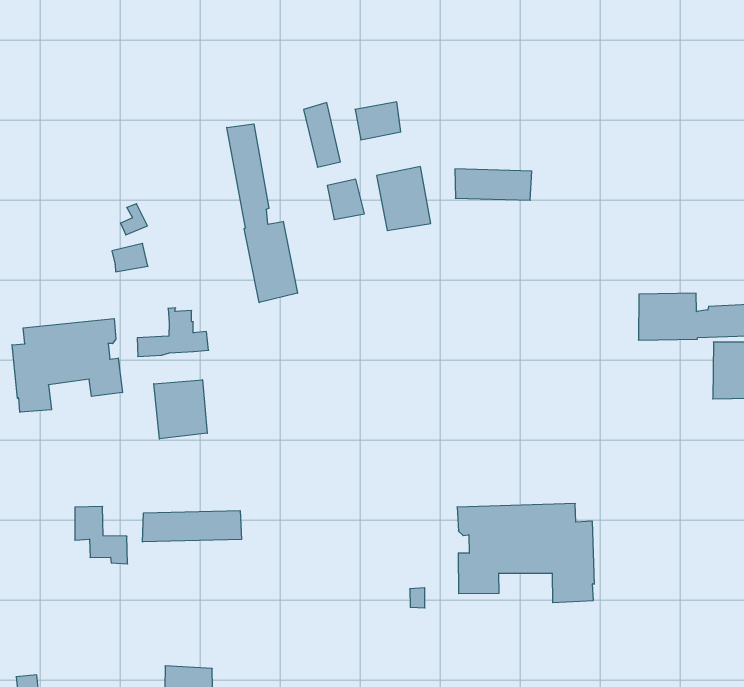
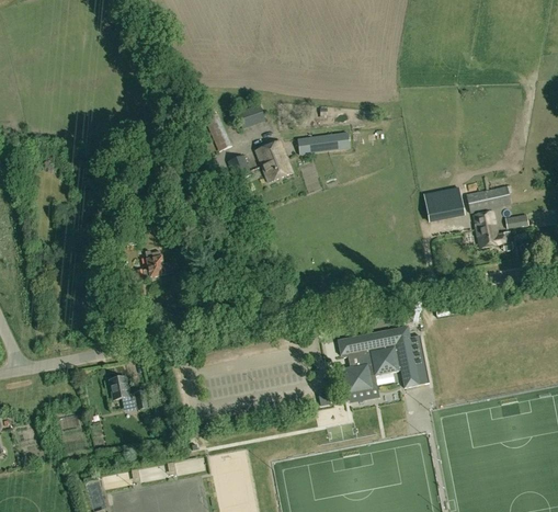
building: [227,124,297,303] -> none
building: [12,319,122,412] -> none
building: [154,380,207,439] -> none
building: [143,511,242,542] -> none

